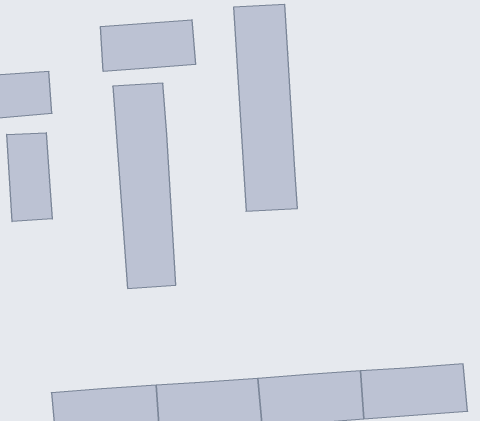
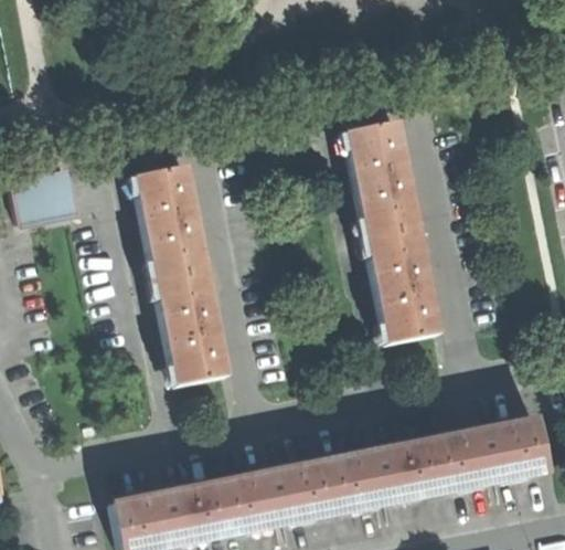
building: [234,4,297,211] -> [347,119,440,340]
building: [100,20,196,71] -> none
building: [7,133,52,222] -> none

